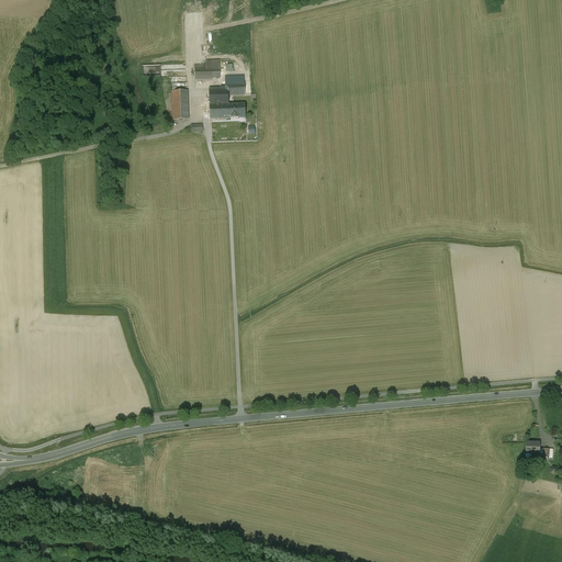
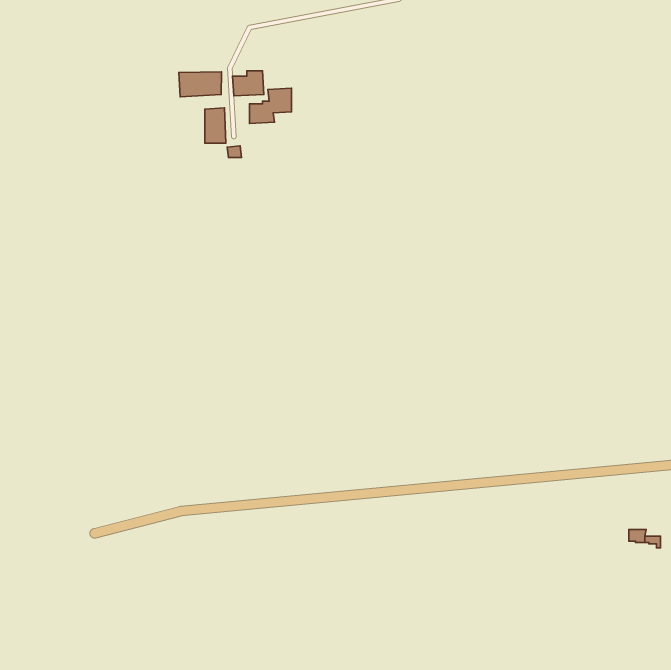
building: none -> [179,72,221,97]
building: [209,102,245,121] -> none

